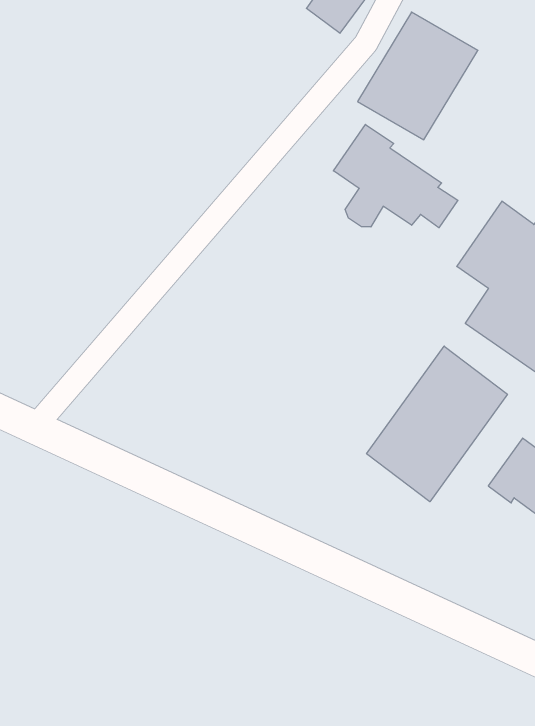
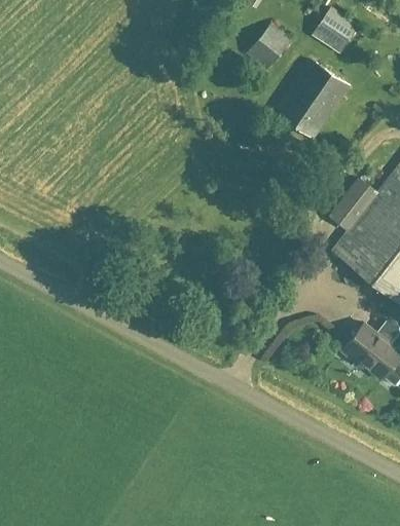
building: [333,124,458,228] -> none
building: [367,346,507,502] -> none

